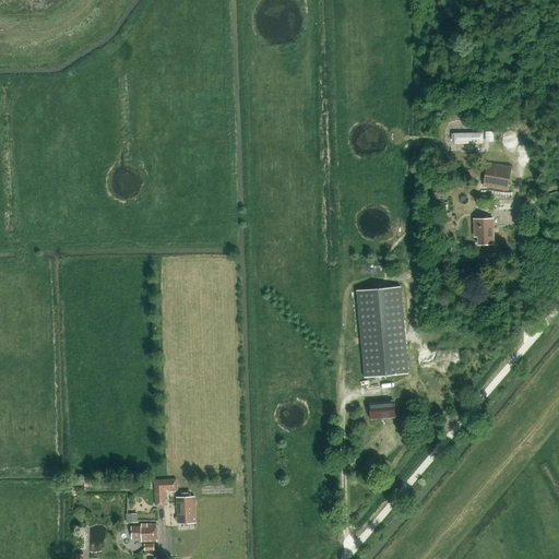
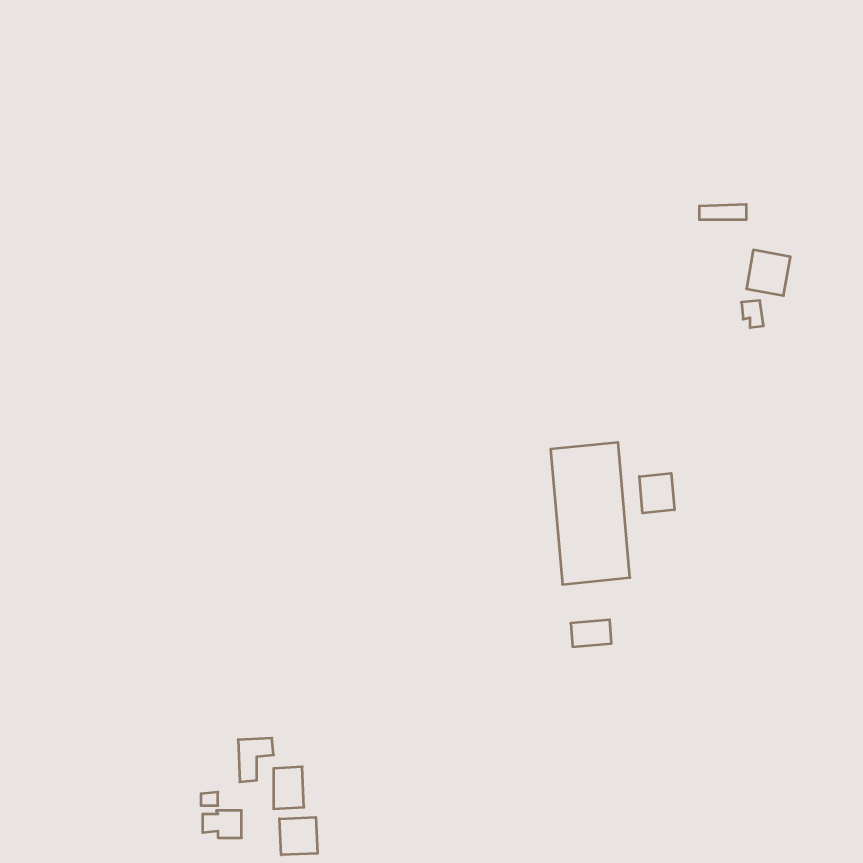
building: [475,218,493,245] -> none
building: none -> [639,473,674,513]
building: none -> [279,817,318,855]

